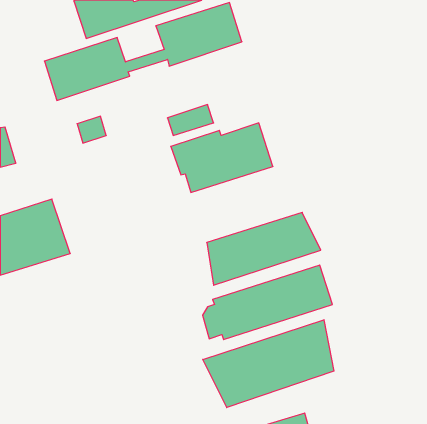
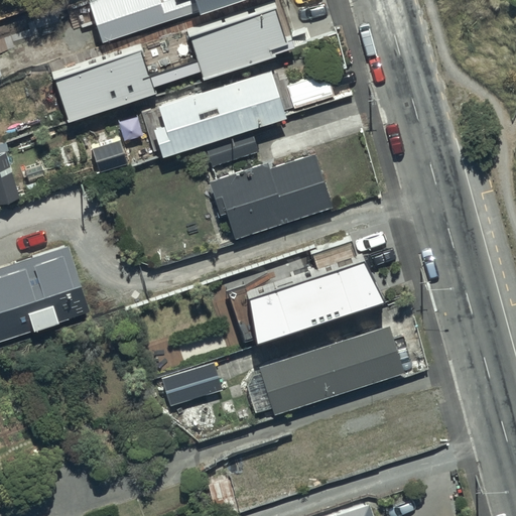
building: none -> [147,70,335,154]
building: none -> [159,361,221,405]
building: [203,320,334,408] -> none

